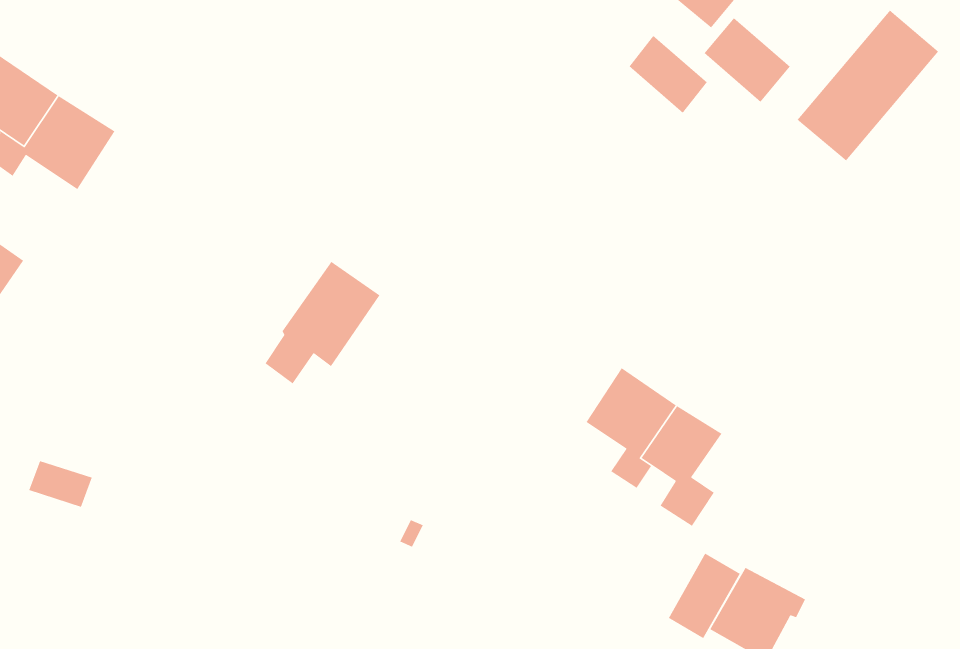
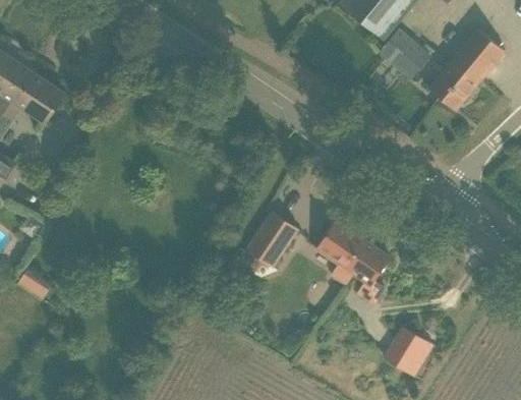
building: [628,35,708,114] -> none
building: [264,261,380,384] -> [236,210,298,276]
building: [668,552,741,639] -> none

